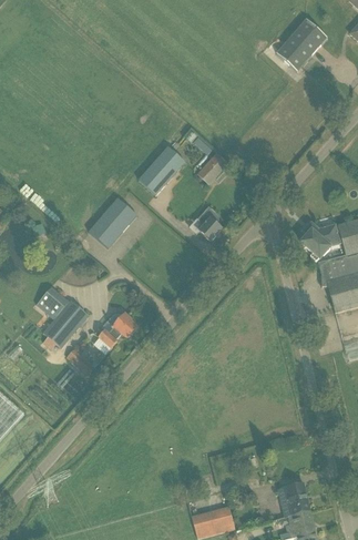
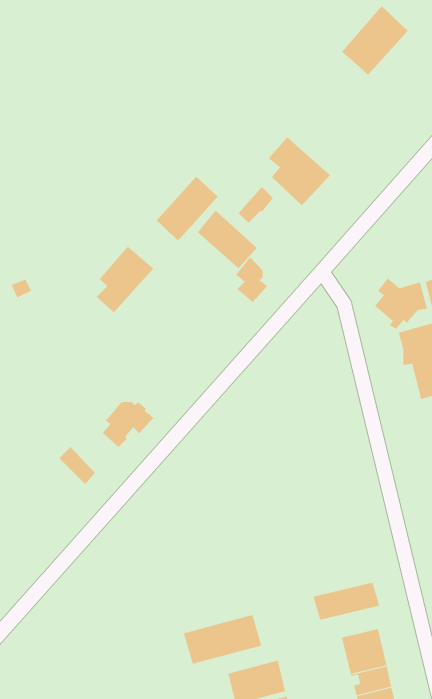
building: none -> [268,136,331,206]
building: none -> [197,210,258,269]
building: [34,285,89,347] -> none
building: none -> [313,582,380,621]
building: none -> [183,614,262,664]

